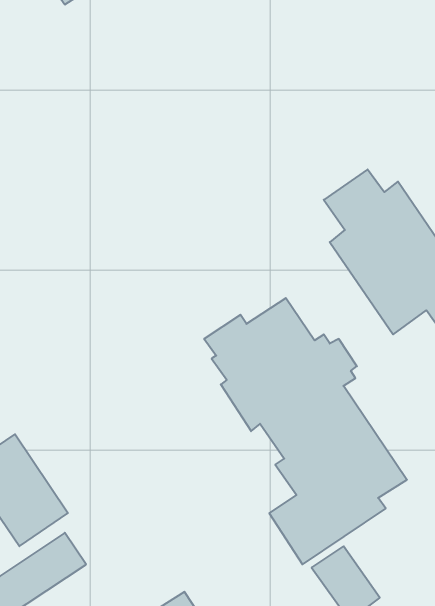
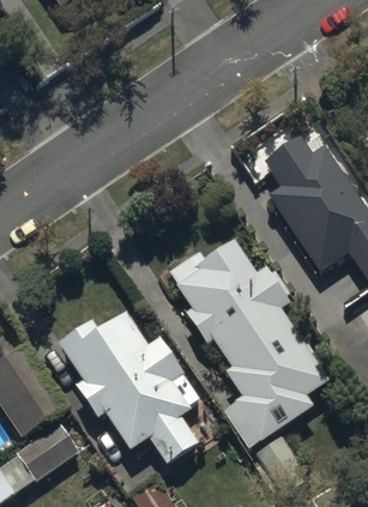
building: none -> [56,306,197,457]

